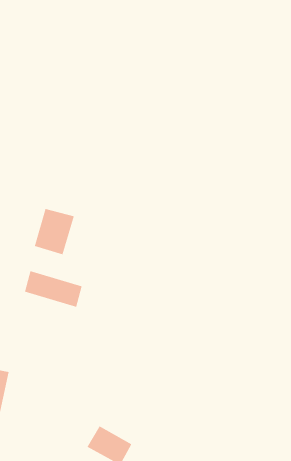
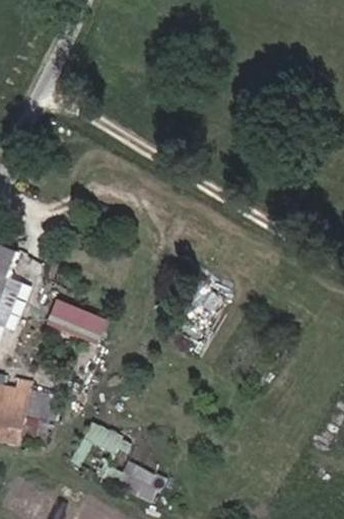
building: [34,208,75,255] -> none

